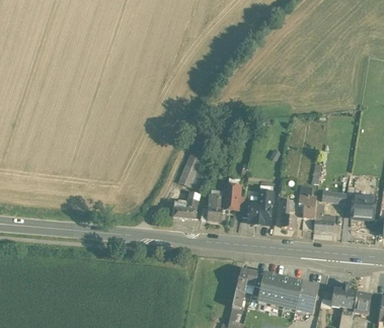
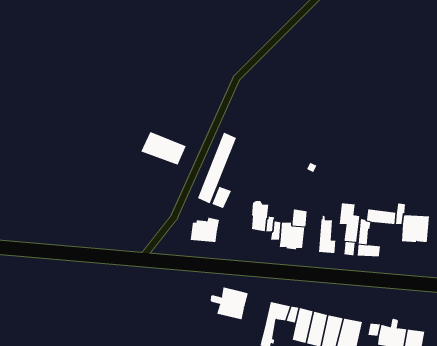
building: none -> [141,131,187,166]
building: [208,194,226,222] -> none
building: none -> [210,287,248,320]

